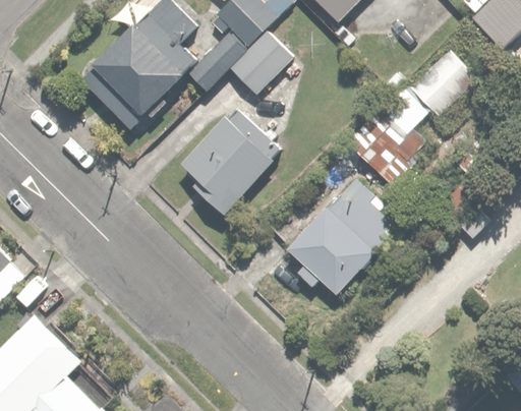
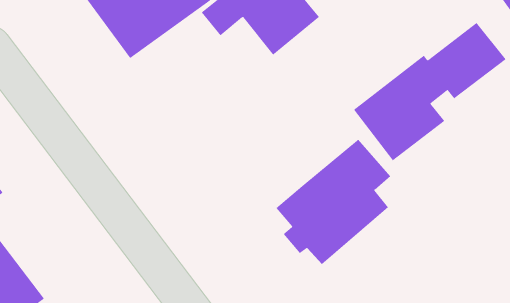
building: [180,109,280,215] -> none

